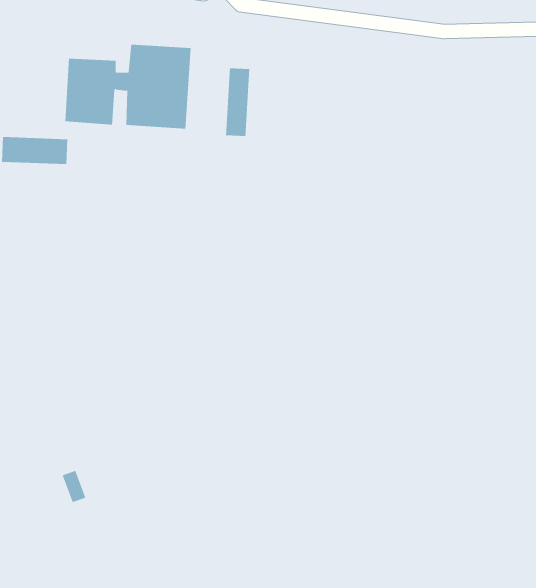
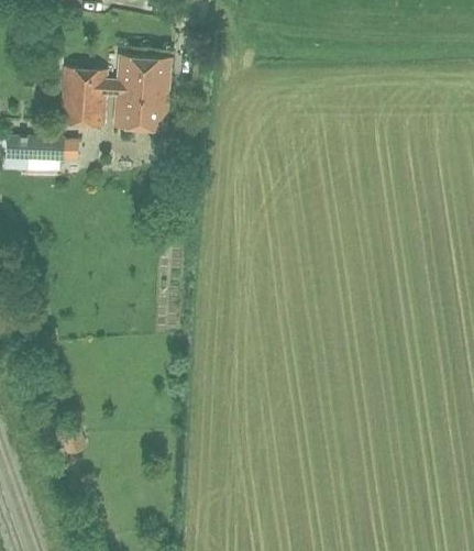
building: [226,68,250,137] -> none

